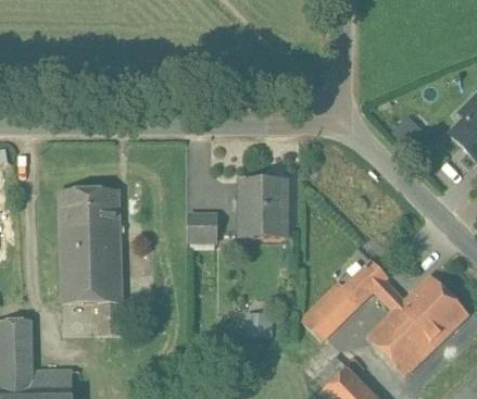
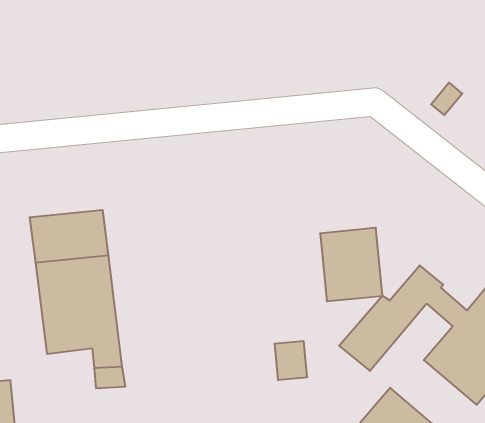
building: [240,179,286,235] -> [320,228,383,301]
building: [189,213,216,240] -> none

